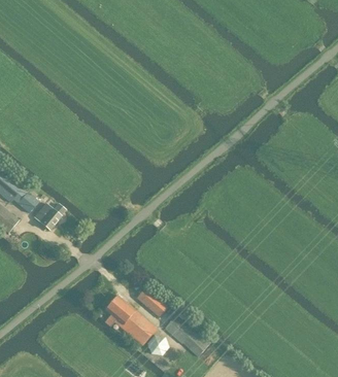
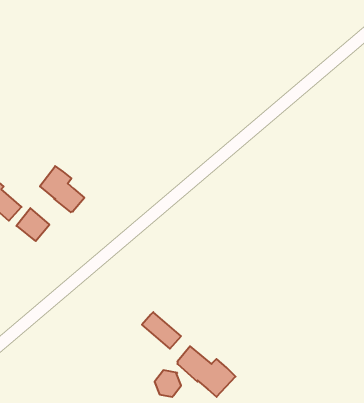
building: none -> [40,166,84,212]
building: [104,296,156,345] -> none

